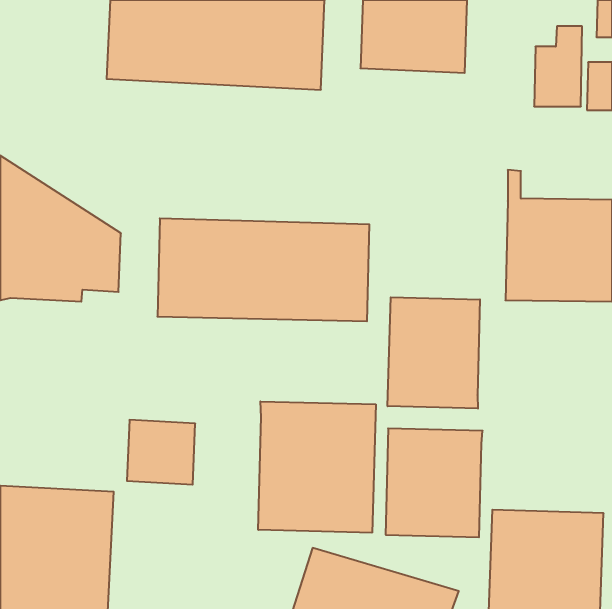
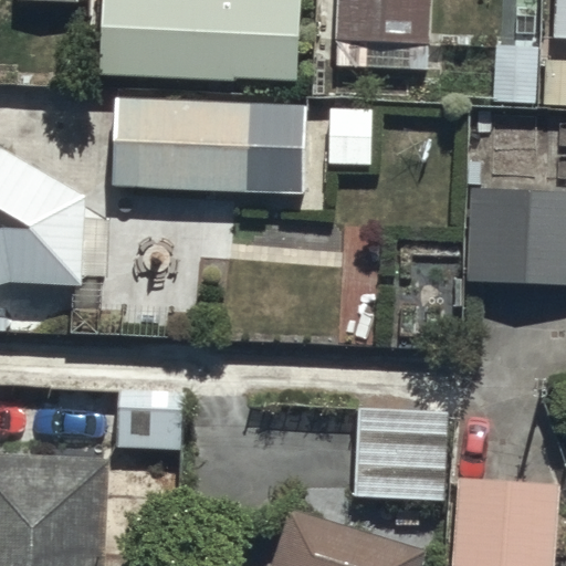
building: [157,218,369,321] -> [112,96,307,191]
building: [388,297,480,409] -> none
building: [258,401,376,533] -> none

